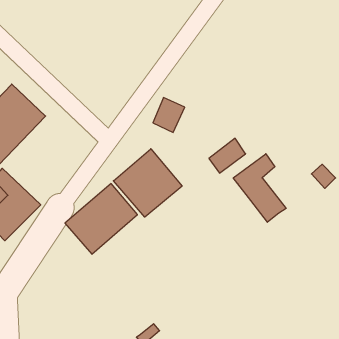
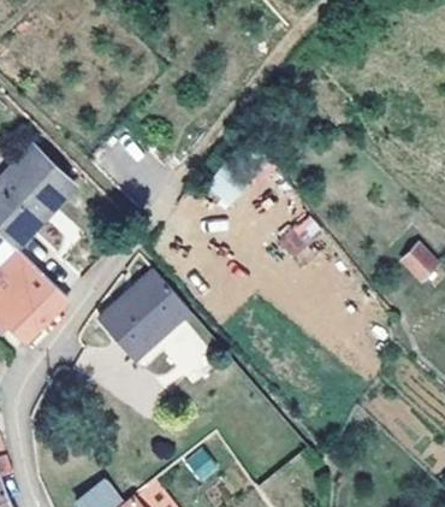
building: [113,149,182,217] -> none
building: [233,154,286,222] -> none

